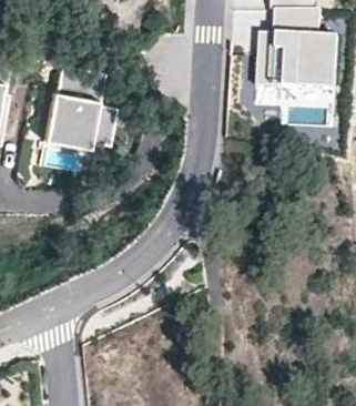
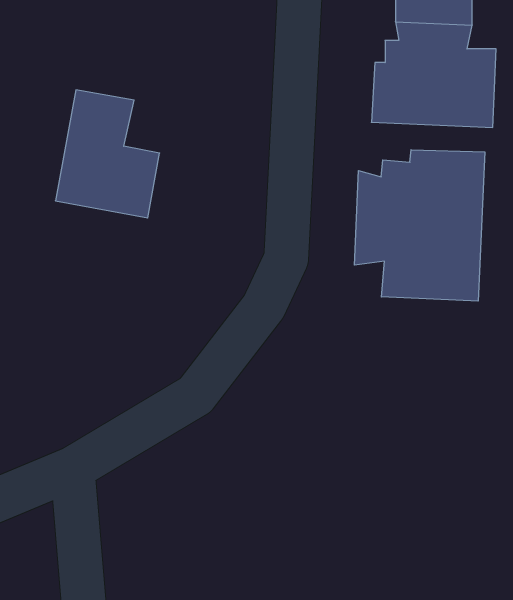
building: none -> [355,150,485,301]

